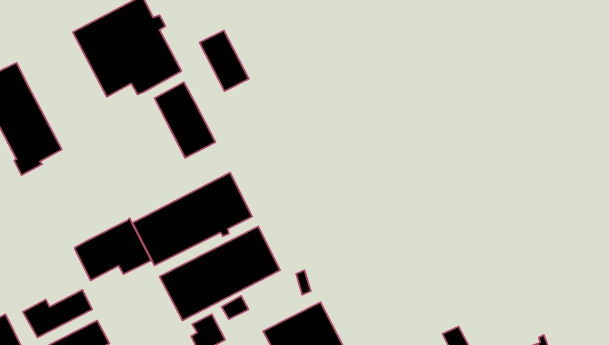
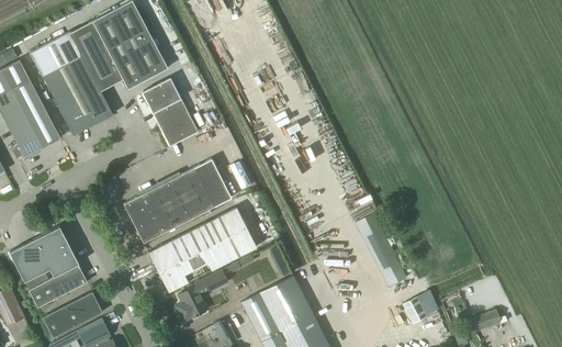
building: [200,30,249,91] -> none
building: none -> [29,32,112,134]
building: [75,218,152,280] -> [9,225,78,281]
building: none -> [355,212,405,286]

